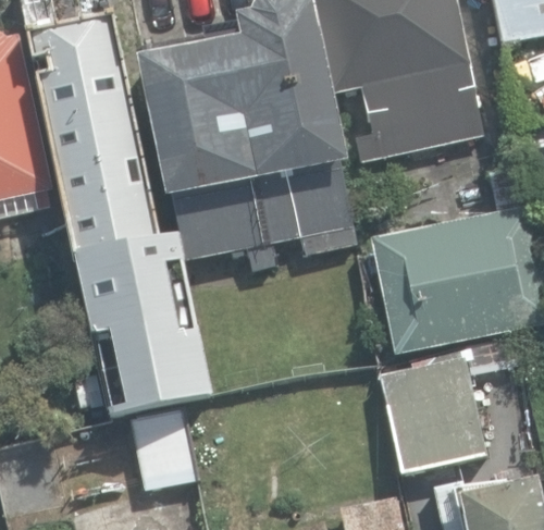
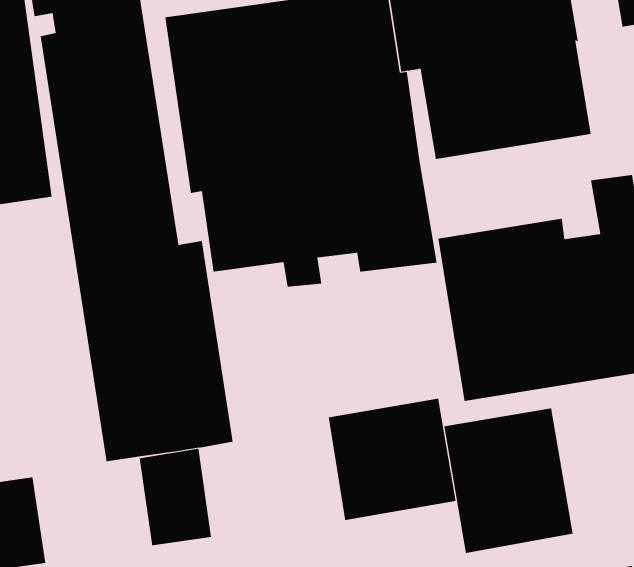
building: none -> [328,398,456,521]

